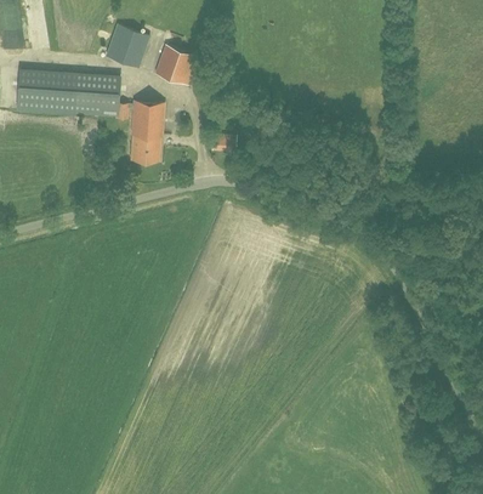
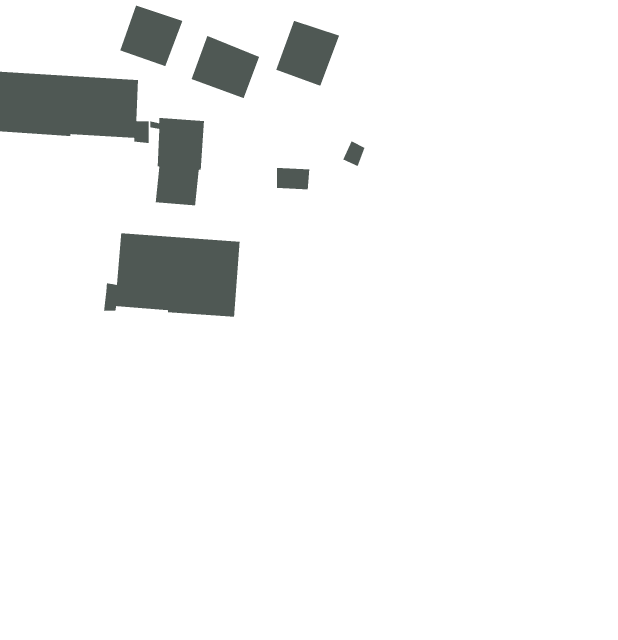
building: none -> [275,20,340,87]
building: none -> [103,233,240,317]

